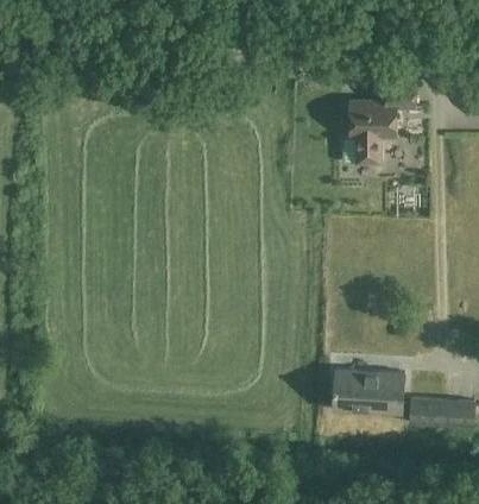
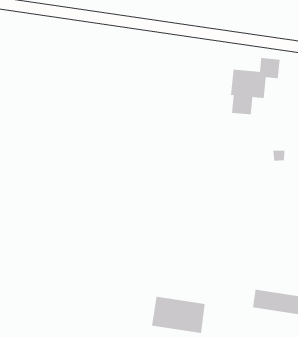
building: [333,368,403,412] -> [151,296,205,333]

